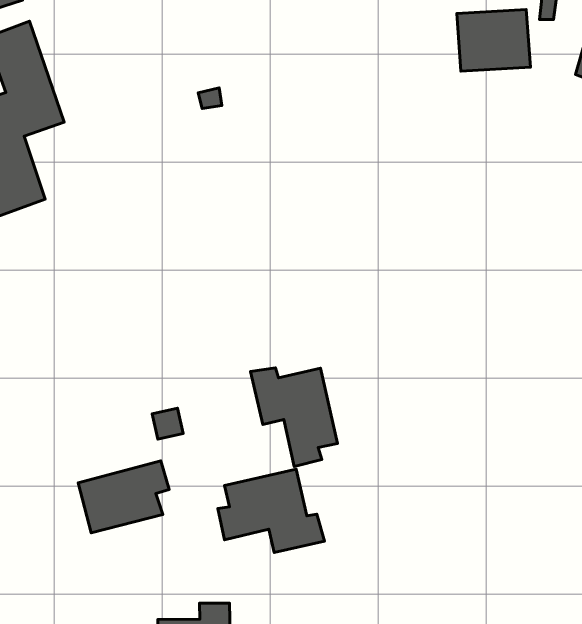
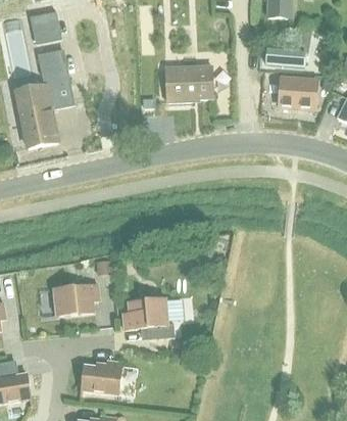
building: none -> [165,65,212,102]
building: [251,368,338,466] -> none

